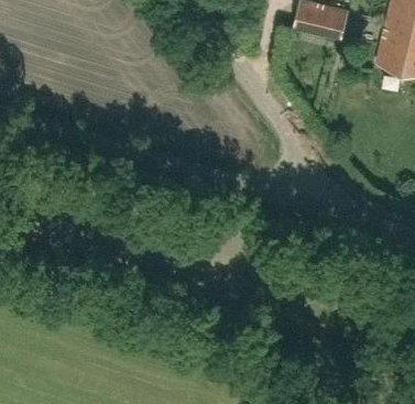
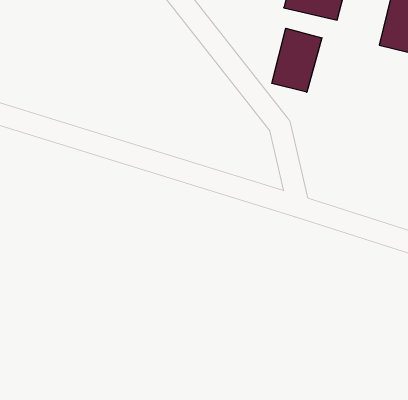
building: none -> [272,28,322,92]

